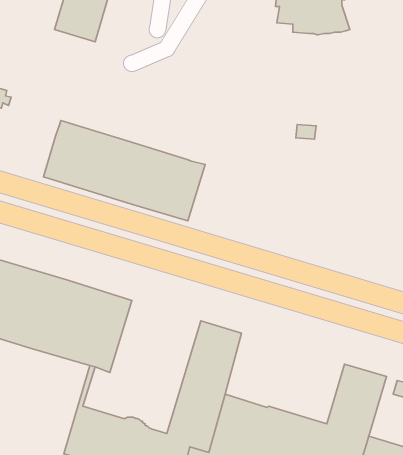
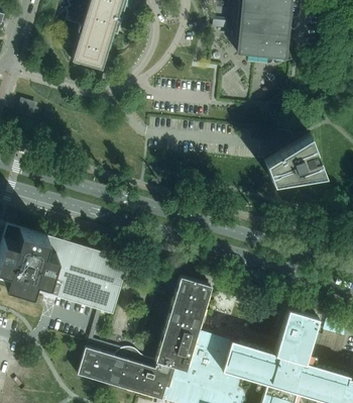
building: [44,121,205,221] -> none
building: none -> [265,134,324,182]

